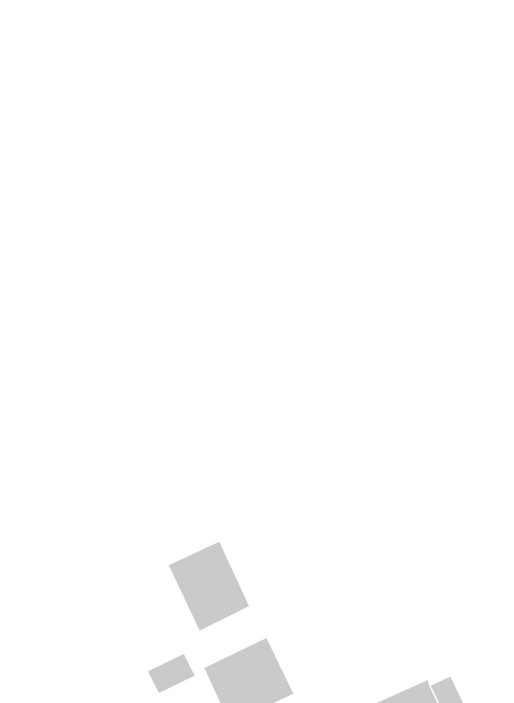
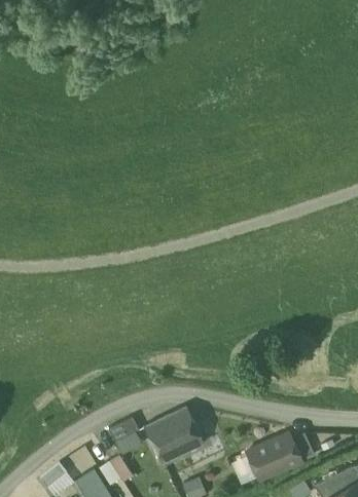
building: [168,541,250,632] -> none

